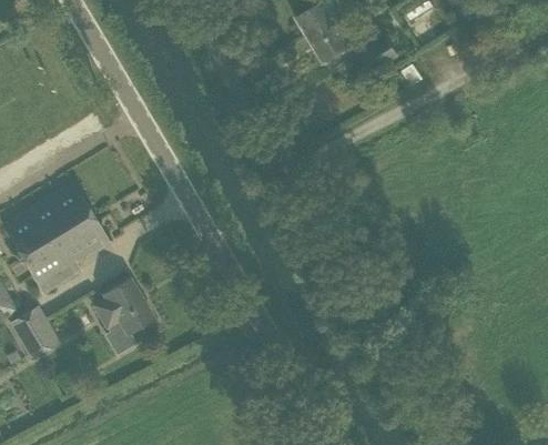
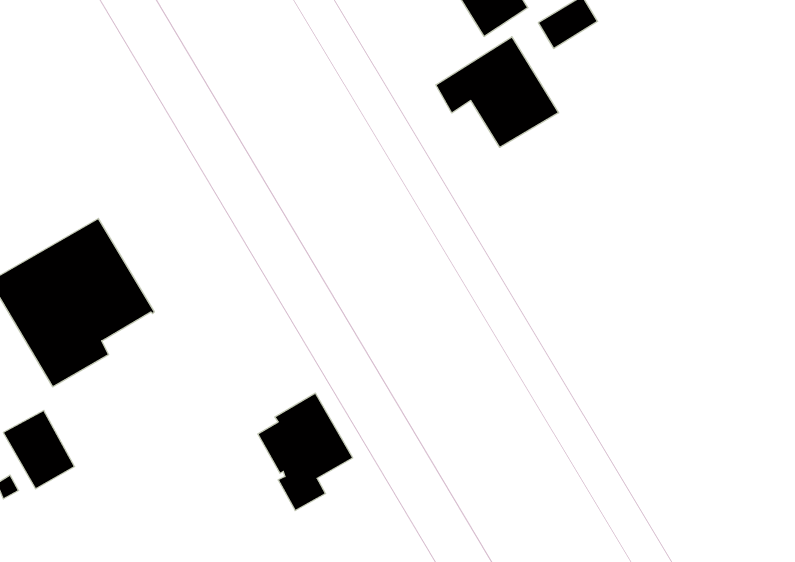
building: none -> [436,37,559,147]
building: [92,279,154,355] -> [258,393,353,511]

